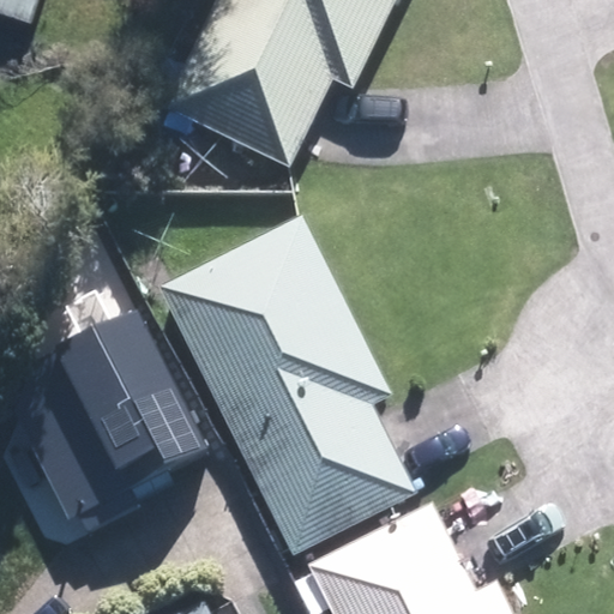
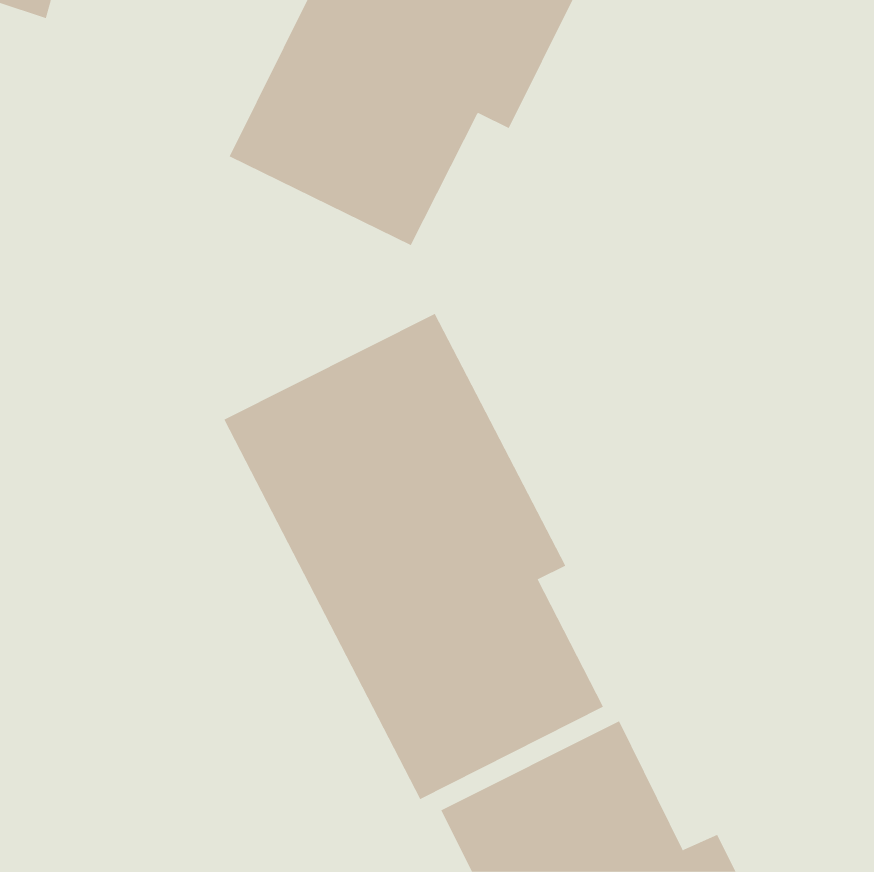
building: [7,305,204,516] -> none

